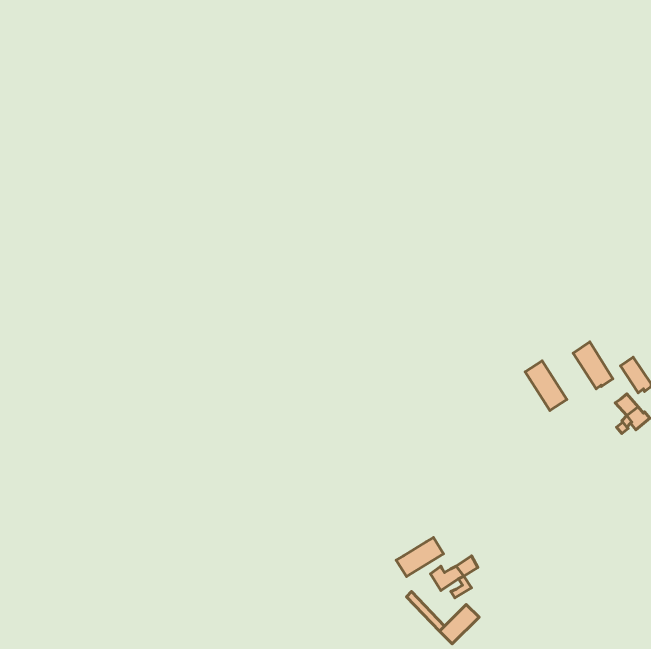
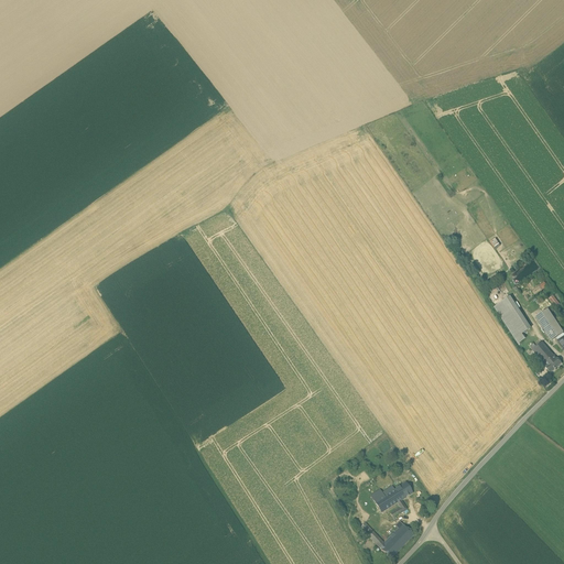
building: [525,361,567,410] -> none
building: [396,537,443,577] -> none

